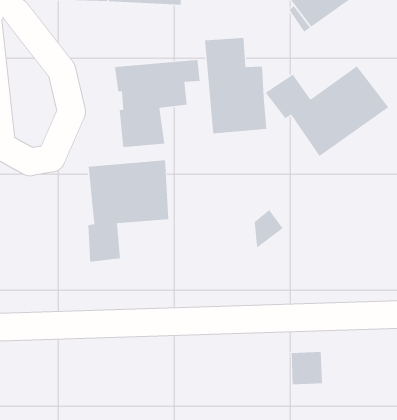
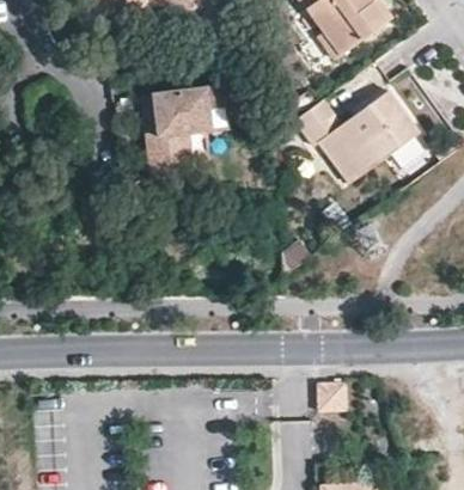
building: [205,37,267,134] -> none
building: [88,160,169,263] -> none

